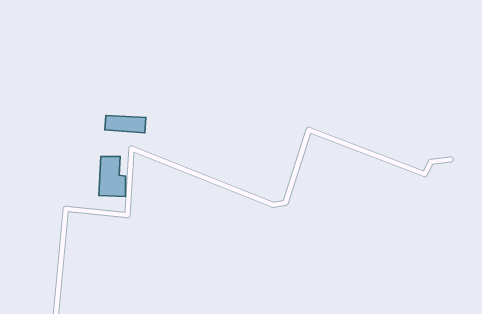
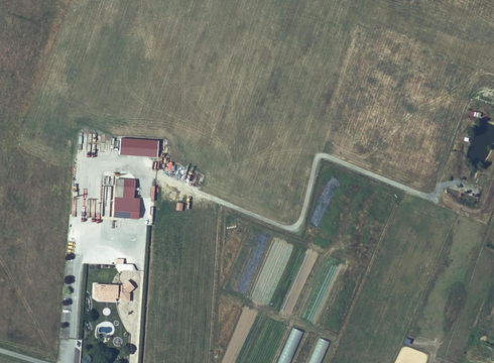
building: none -> [95,279,134,300]

